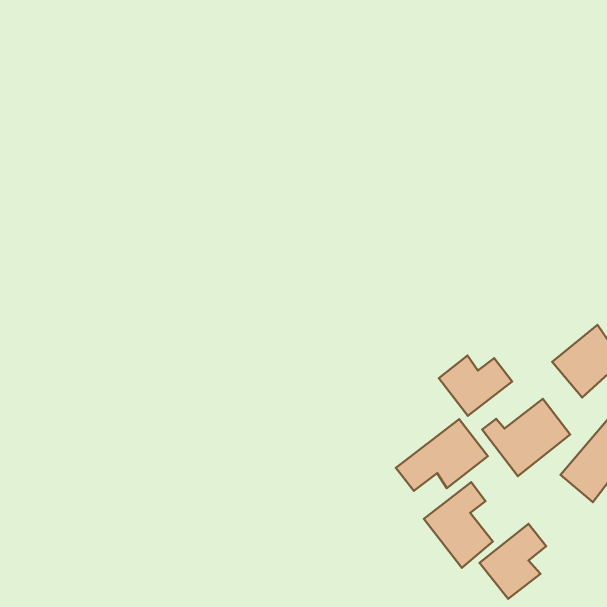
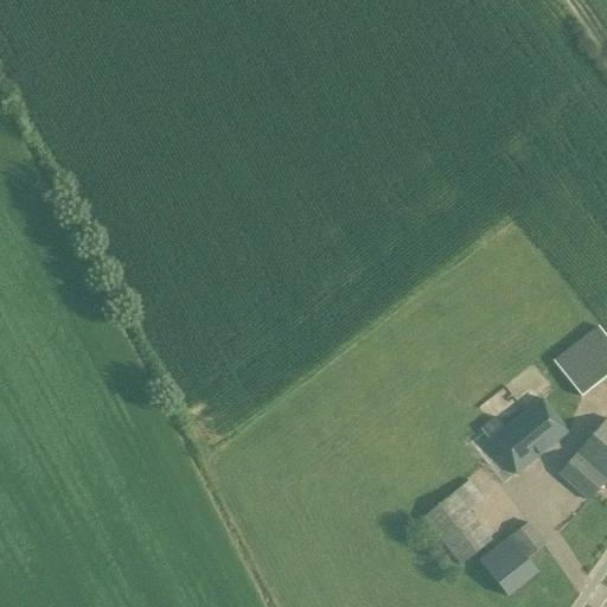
building: [439,356,512,416] -> none
building: [396,419,488,491] -> none

